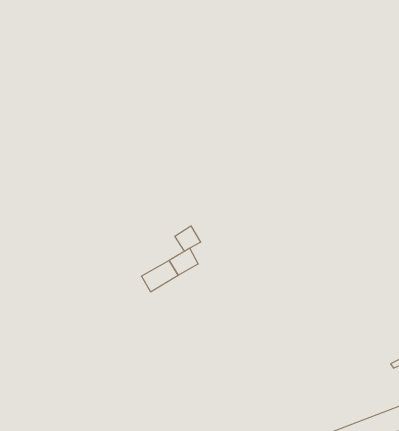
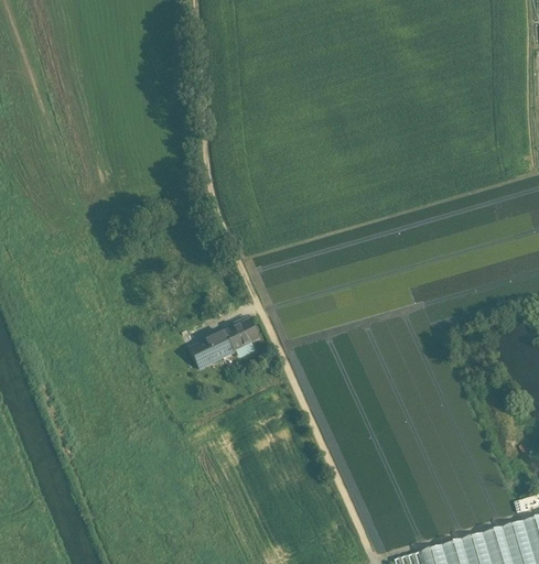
building: [175,226,201,251] -> none

